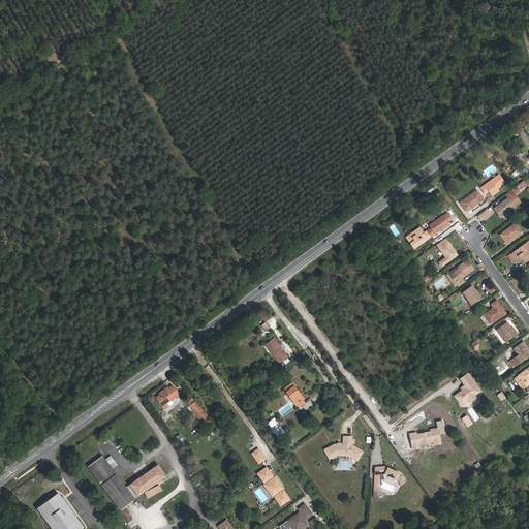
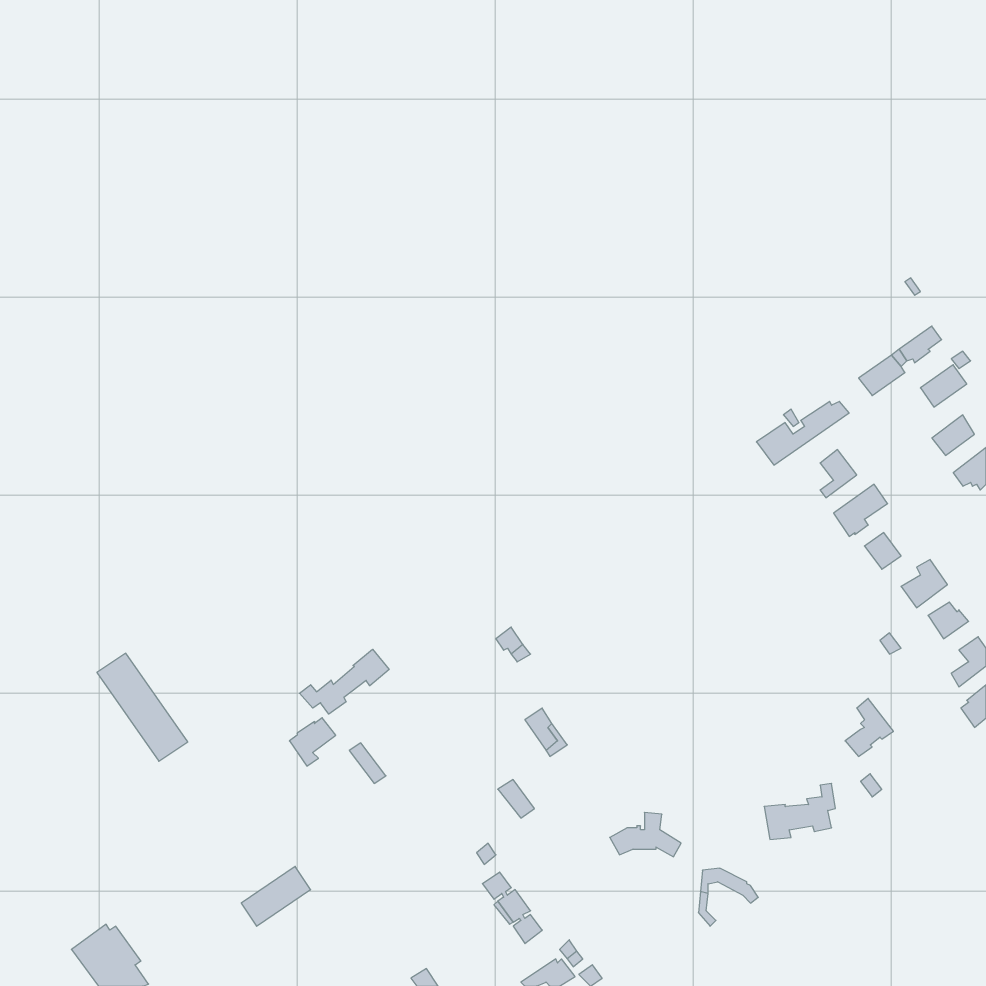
building: none -> [299,649,389,714]
building: [86,452,134,509] -> [97,653,188,761]

